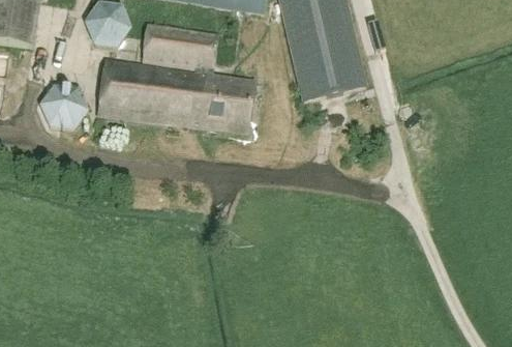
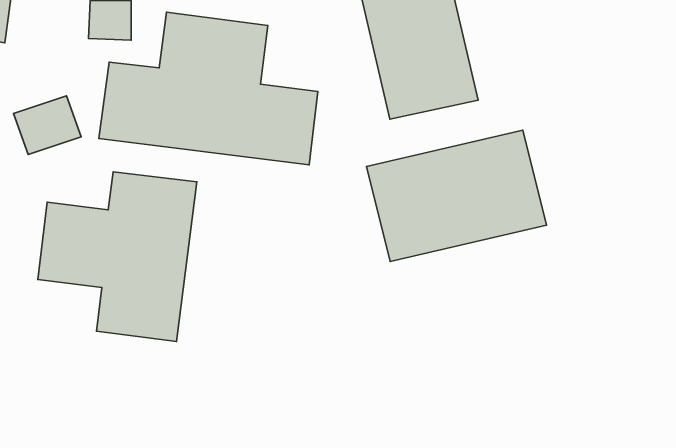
building: none -> [366,130,546,261]
building: none -> [38,172,197,342]

